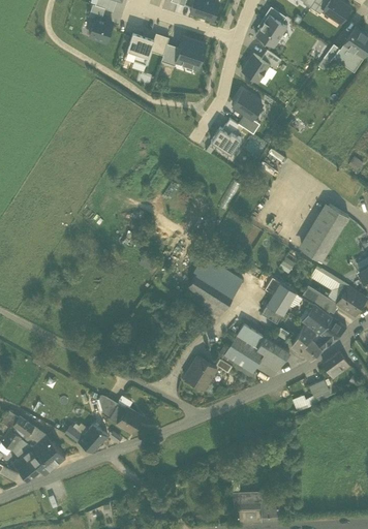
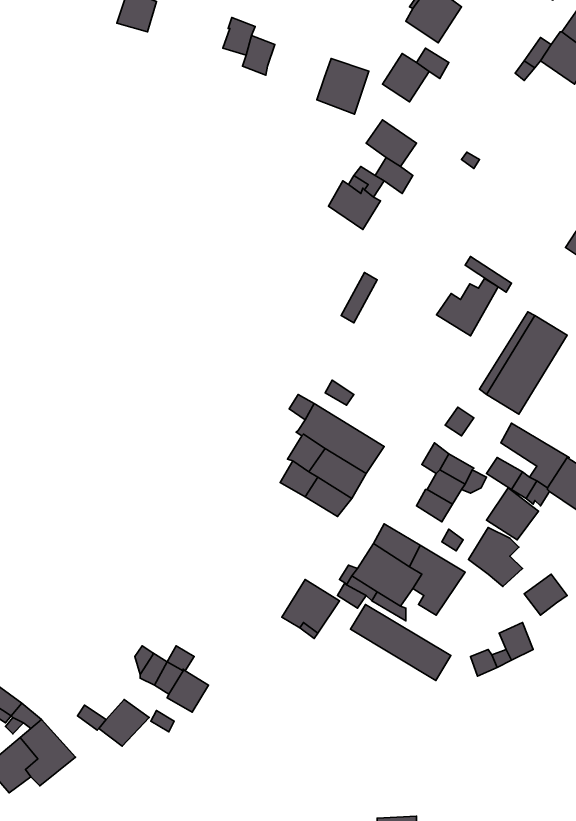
building: [124,32,154,65] -> none
building: [176,37,206,69] -> [317,58,369,114]
building: none -> [436,279,498,336]
building: [315,317,346,350] -> none
building: none -> [351,604,451,680]

